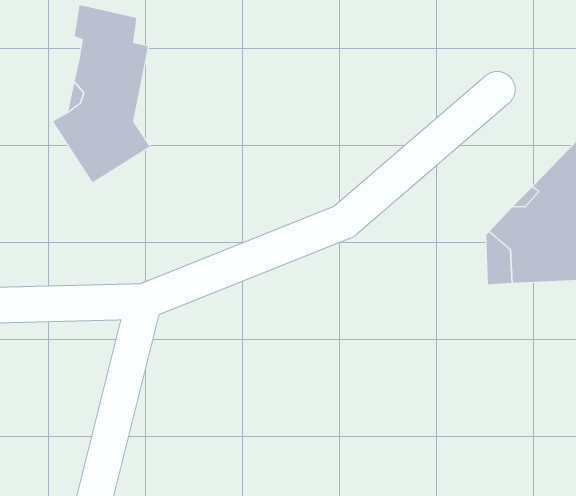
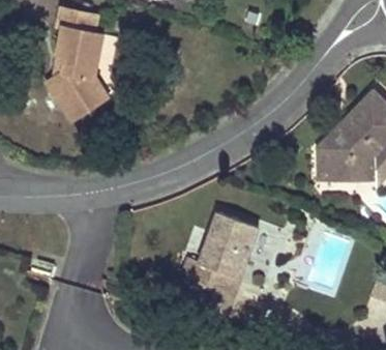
building: none -> [195,213,259,296]

